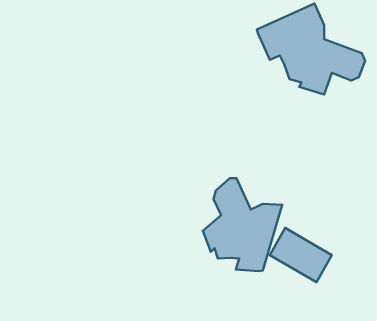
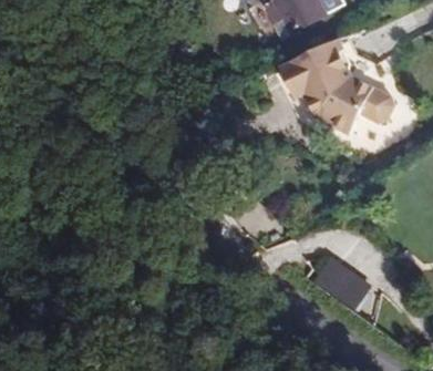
building: [203,178,282,271] -> none

